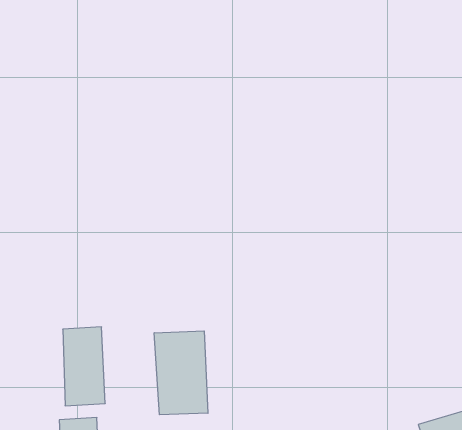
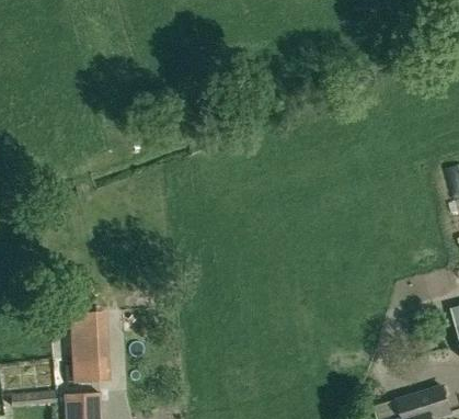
building: [154,331,208,415] -> none

